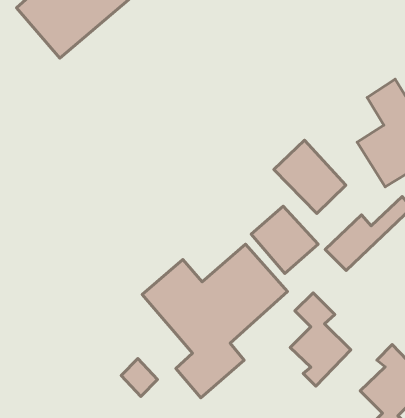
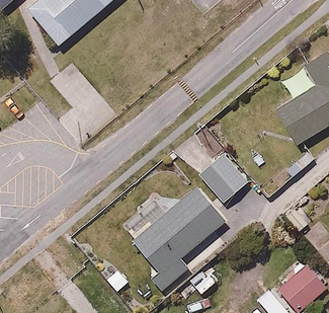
building: [274,140,346,213] -> none
building: [290,293,351,386] -> none

